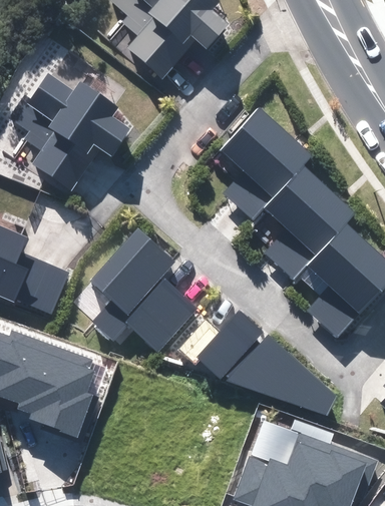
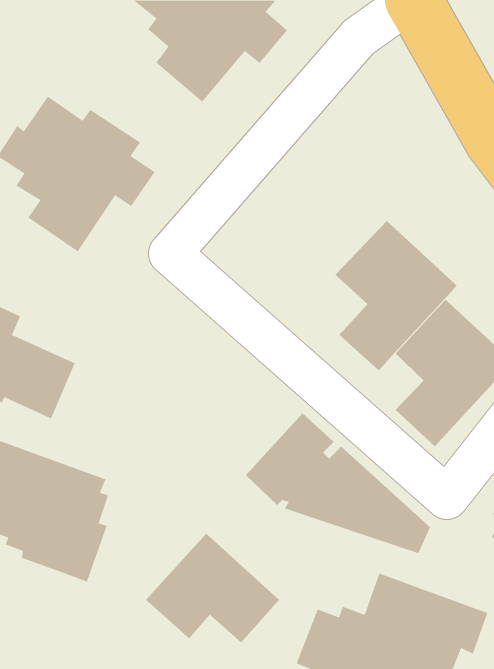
building: [221,109,310,219] -> none
building: [87,226,196,349] -> none
building: none -> [145,533,280,643]

